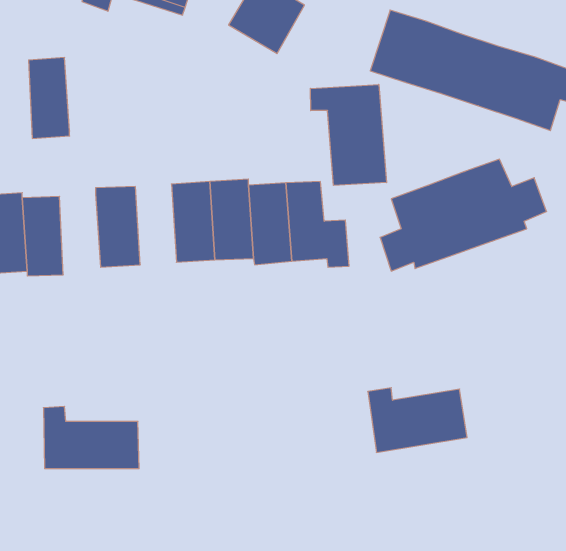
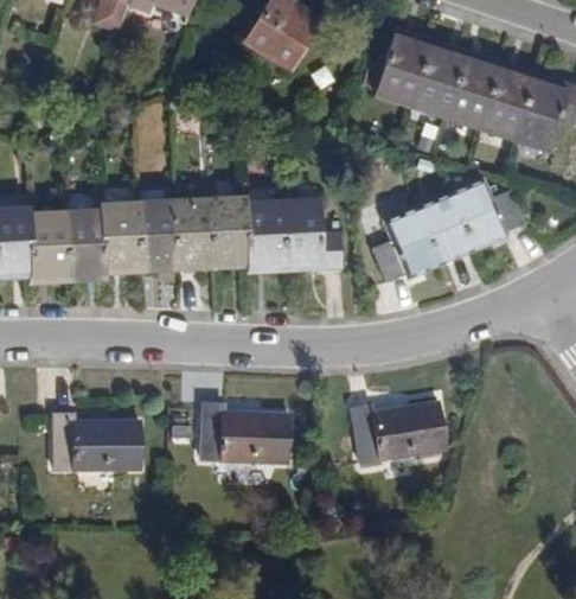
building: [29,58,70,138] -> [68,206,107,283]
building: [310,84,387,185] -> none
building: none -> [140,197,179,274]
building: none -> [205,395,293,455]

